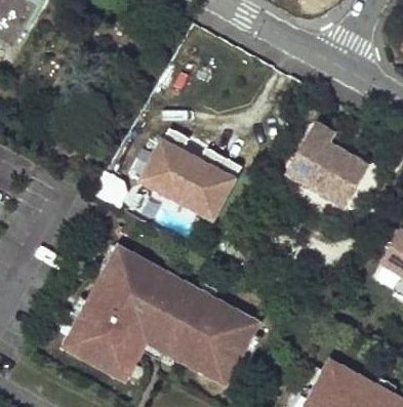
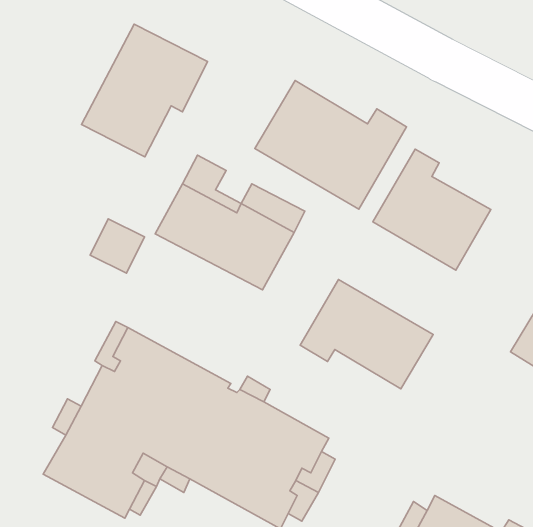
building: none -> [81,24,208,157]
building: none -> [255,80,407,209]
building: none -> [300,279,433,389]

